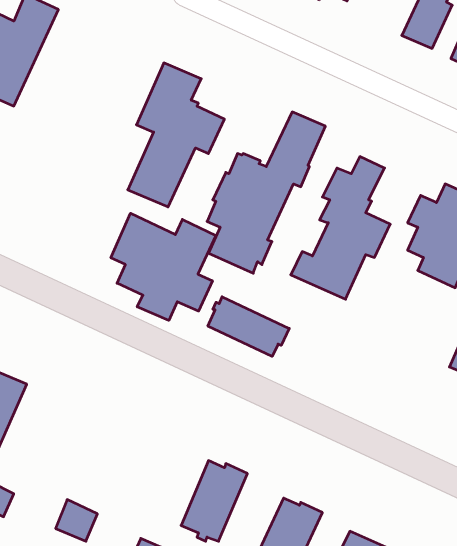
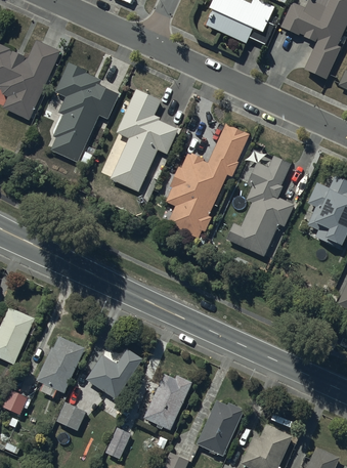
building: none -> [49,61,117,162]
building: [111,213,216,320] -> none
building: [208,297,289,356] -> none
building: none -> [36,336,87,398]
building: none -> [87,347,144,399]

